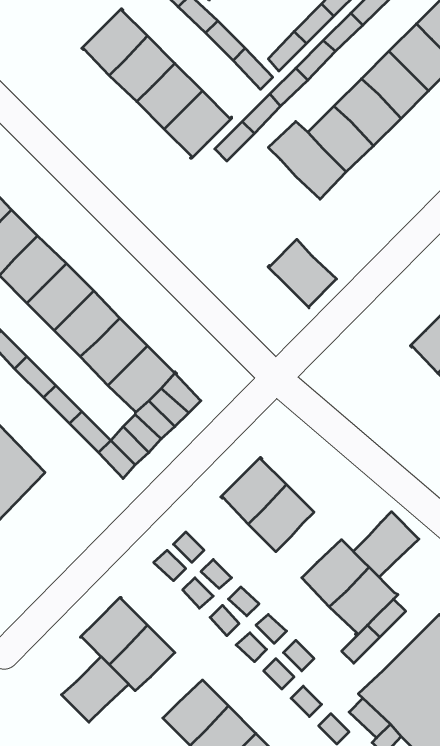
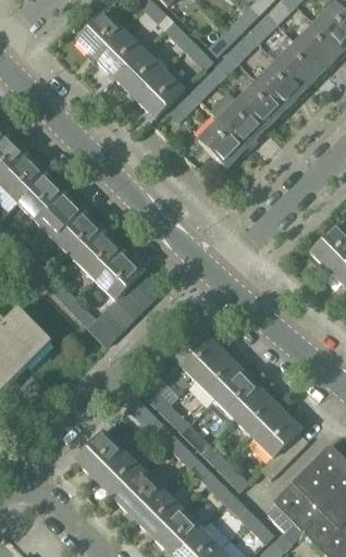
building: [268,239,337,308] -> [197,120,246,169]
building: [353,512,419,577] -> [214,371,261,418]
building: [61,657,129,722] -> [114,471,162,518]

